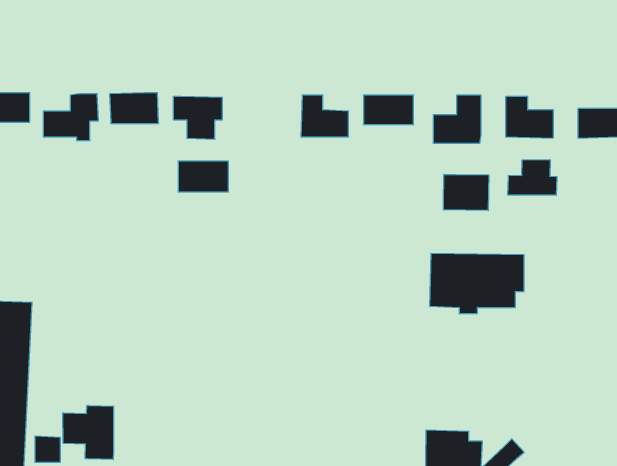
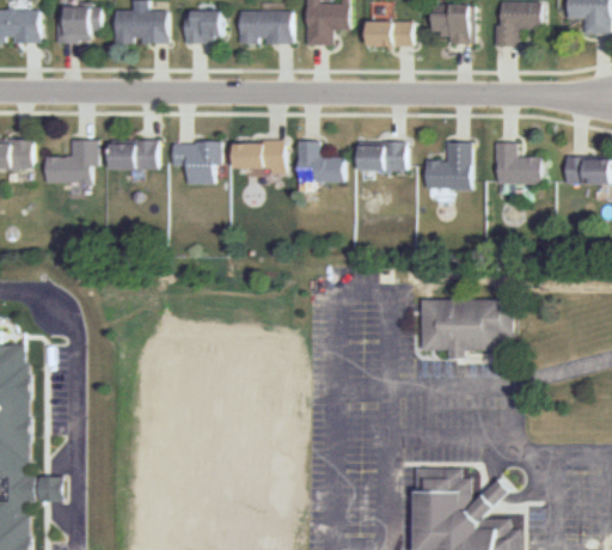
building: [508,160,557,195] -> none
building: [178,161,228,192] -> [233,143,282,173]
building: [443,174,489,211] -> none
building: [63,405,114,460] -> none

